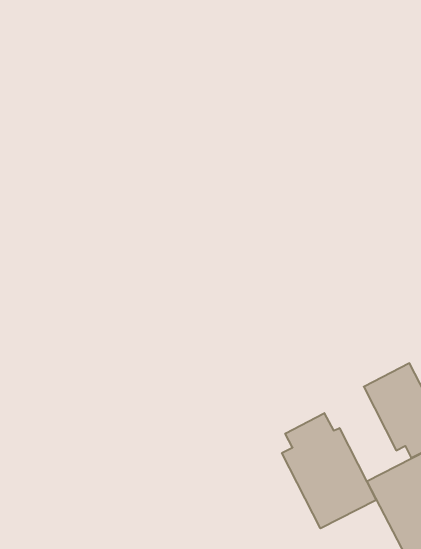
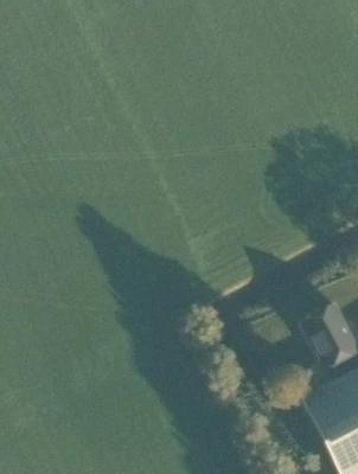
building: [282,413,376,528] -> none

